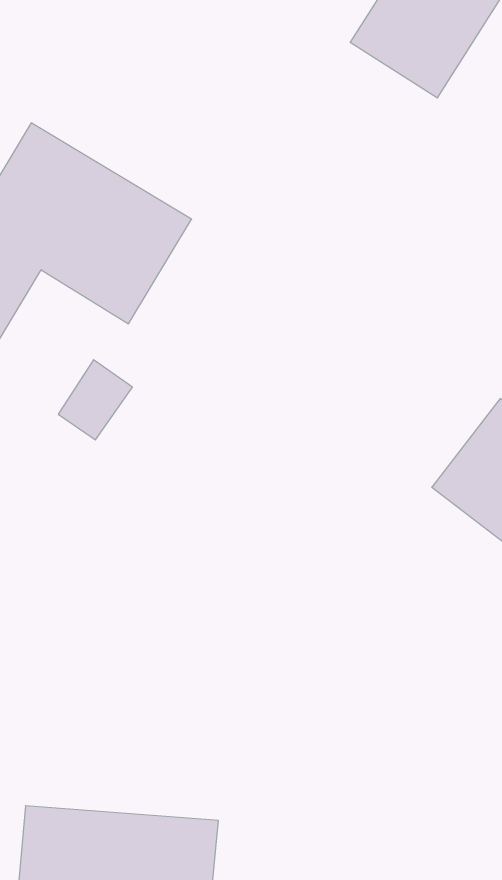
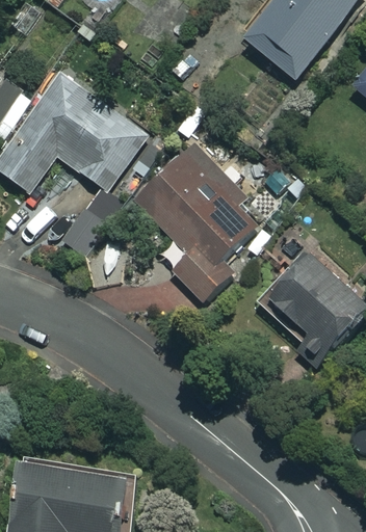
building: none -> [137,145,271,303]

